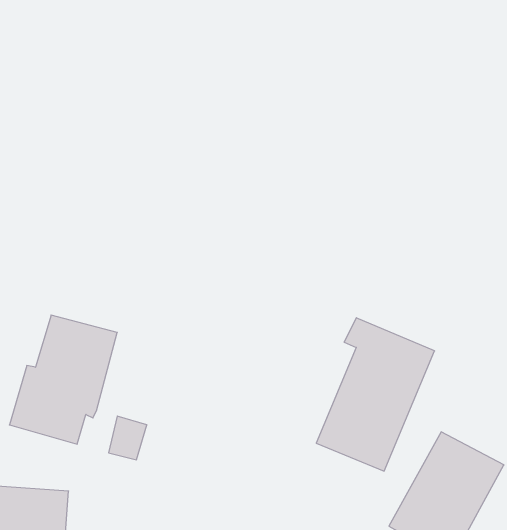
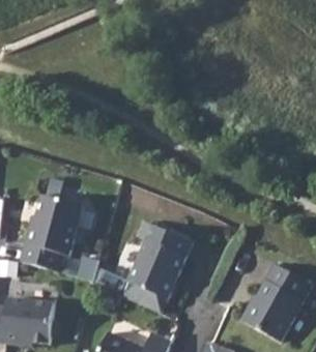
building: [316,318,435,471] -> [122,224,193,315]

